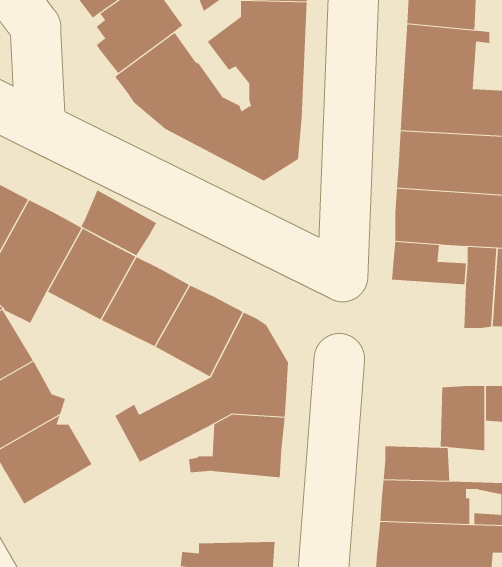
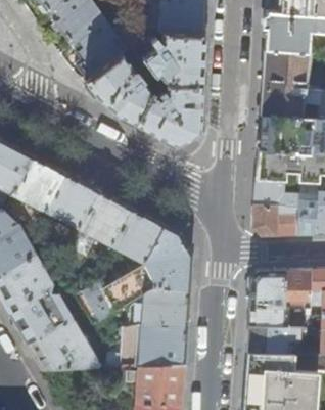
building: [80,190,157,256] -> none
building: none -> [254,207,300,237]
building: none -> [250,272,286,309]
building: none -> [32,319,102,371]
building: none -> [114,323,188,368]

